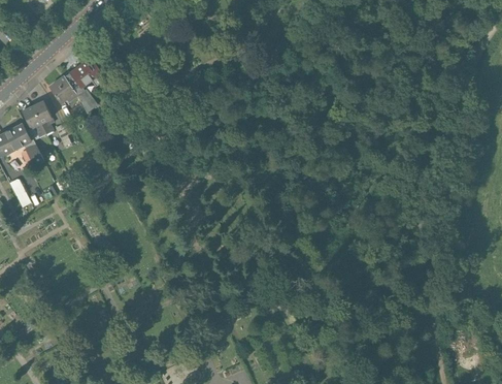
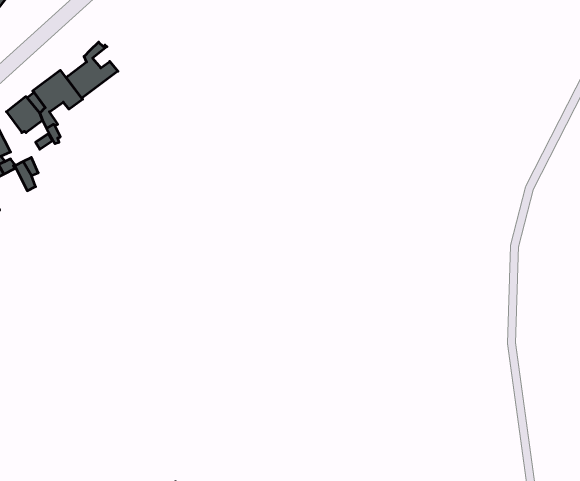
building: none -> [66,42,118,98]

